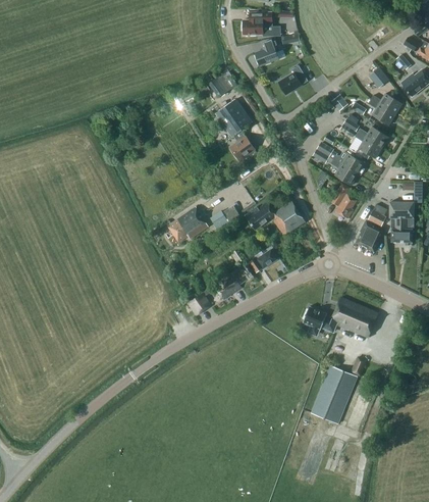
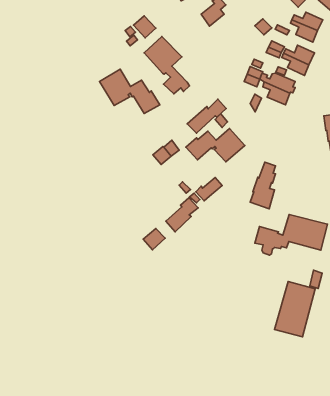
building: none -> [100,69,160,113]
building: none -> [187,99,226,133]
building: [331,183,356,219] -> none
building: [356,204,386,252] -> [250,162,275,209]
building: [167,207,208,243] -> none

